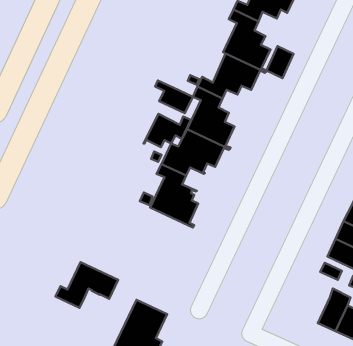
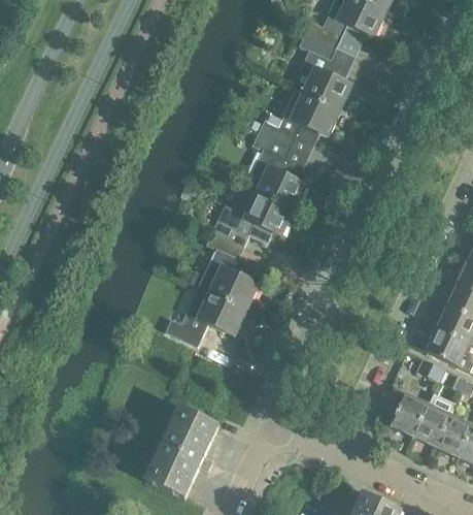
building: [266,46,294,78] -> none
building: [155,80,193,113] -> none
building: [144,114,191,147] -> none
building: [56,262,118,308] -> [167,288,247,347]
building: none -> [392,393,430,437]

